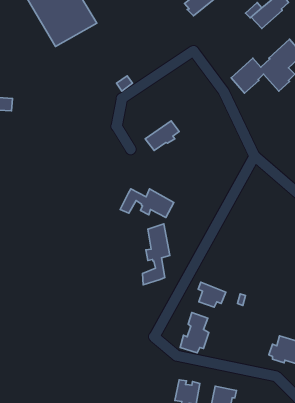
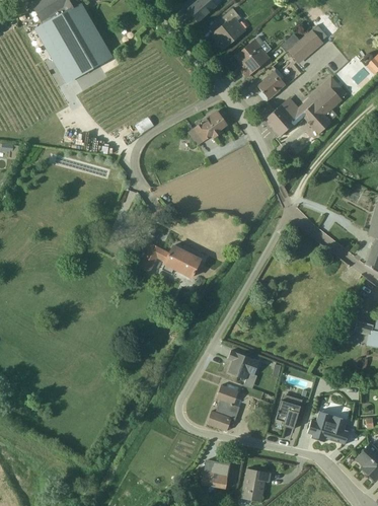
building: none -> [234,35,271,78]
building: none -> [258,68,286,101]
building: [145,121,179,150] -> [188,112,227,145]
building: [142,224,170,285] -> none
building: none -> [276,393,303,428]

